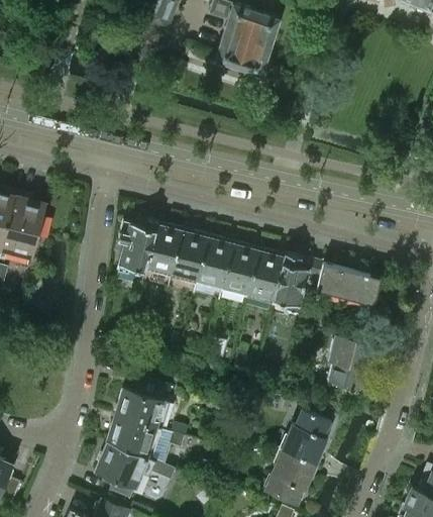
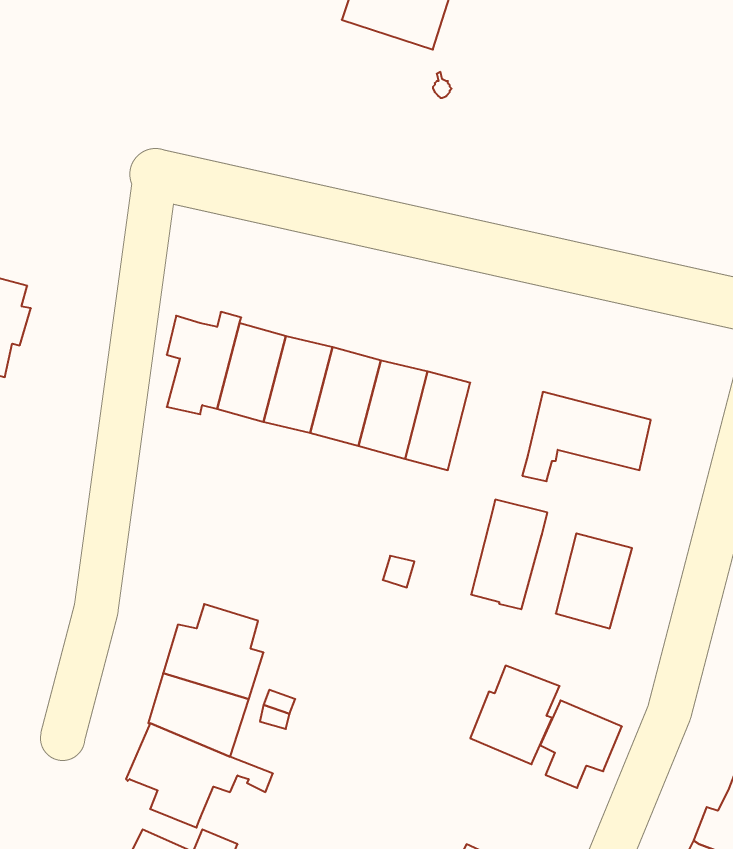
building: [270,252,312,312] -> [471,500,547,609]
building: [272,449,316,497] -> [540,700,622,788]

